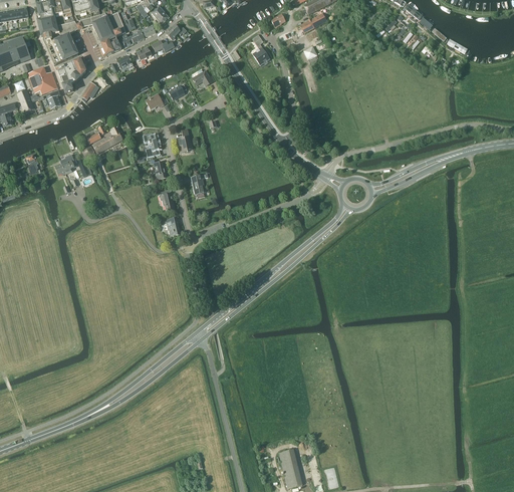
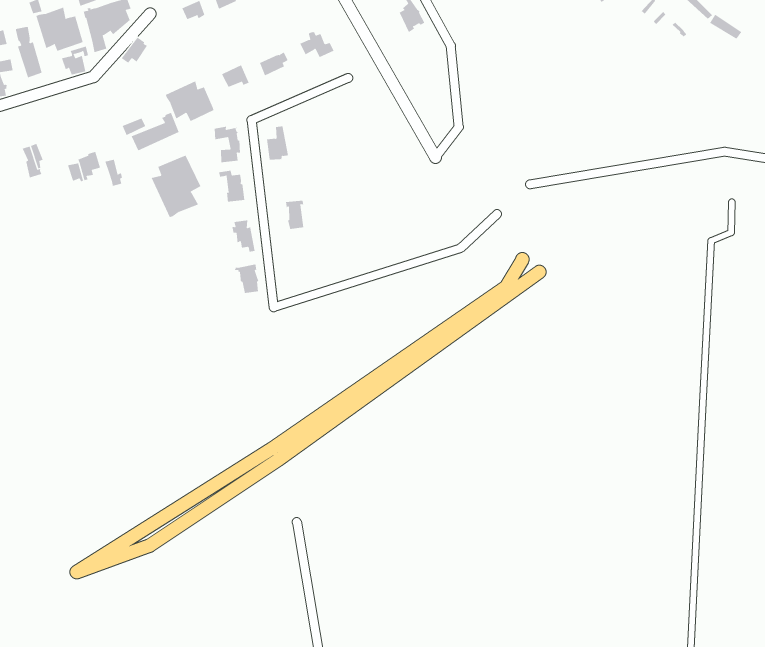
building: none -> [165,80,214,122]
building: none -> [151,155,201,218]

